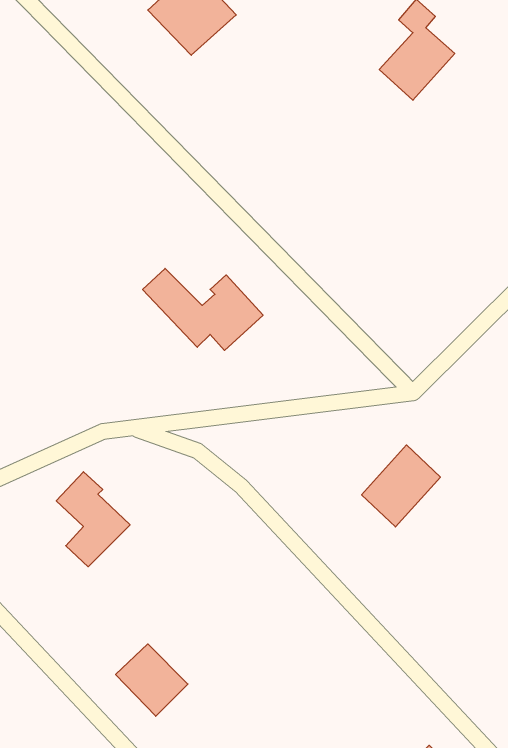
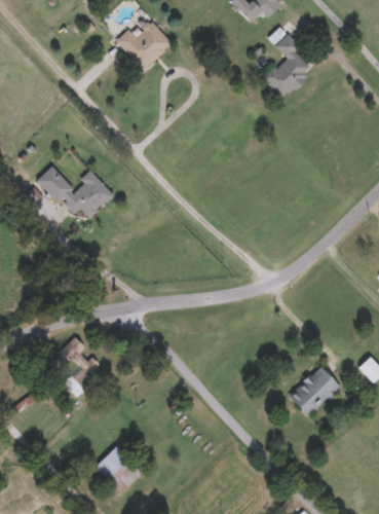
building: [143,268,263,350] -> [37,166,114,218]
building: [362,445,440,527] -> [289,365,339,417]

